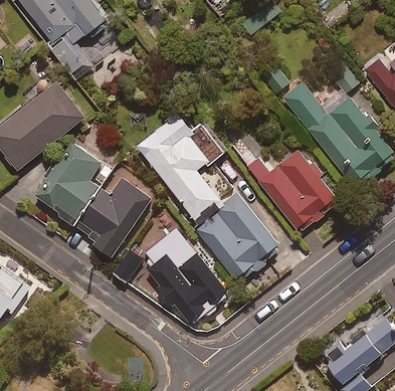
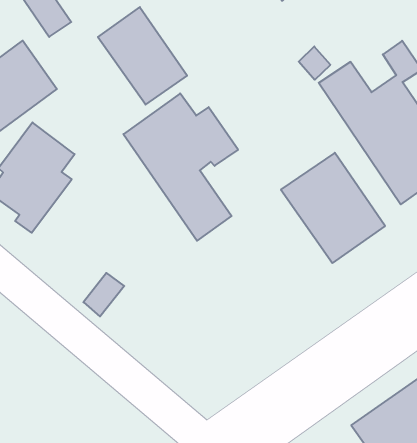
building: none -> [98,7,187,105]
building: [76,170,156,256] -> none
building: [195,193,283,283] -> none
building: [144,228,229,325] -> none

